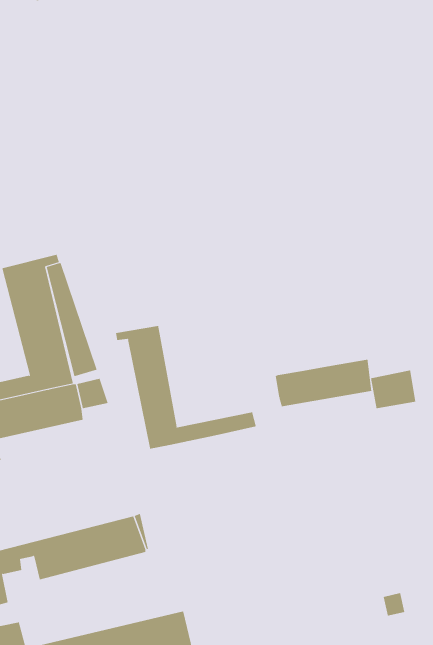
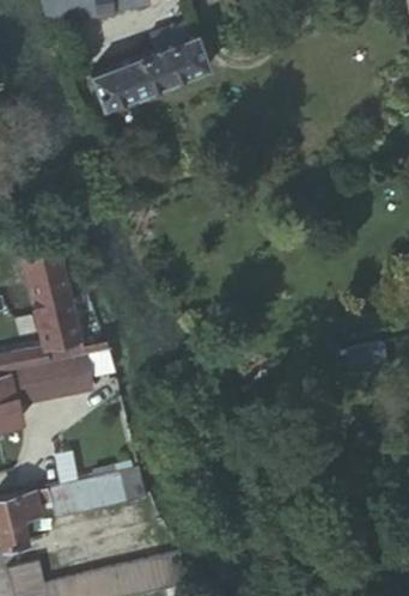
building: none -> [91,35,210,108]
building: [116,325,256,450] -> none
building: [275,359,372,407] -> none

